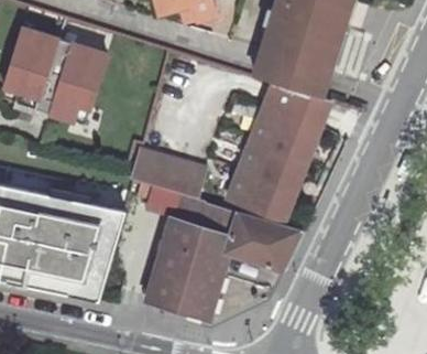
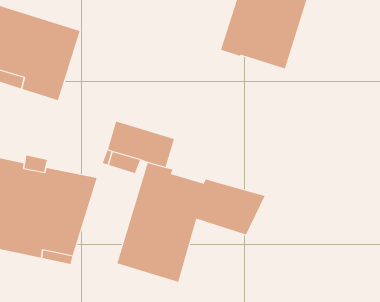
building: [228,82,333,221] -> none

